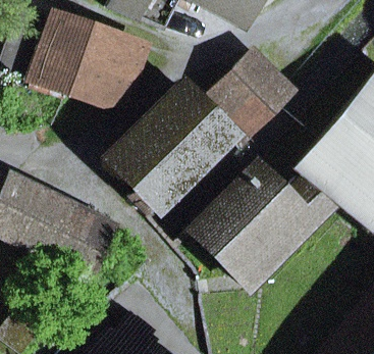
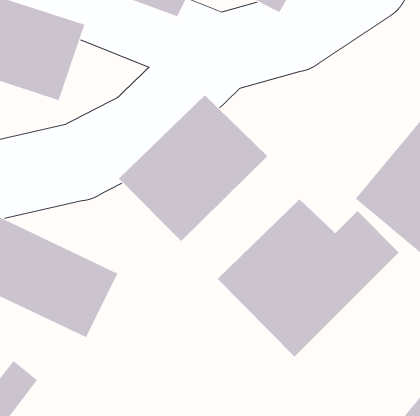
building: [74,33,152,104] -> none
building: [217,51,300,134] -> none

